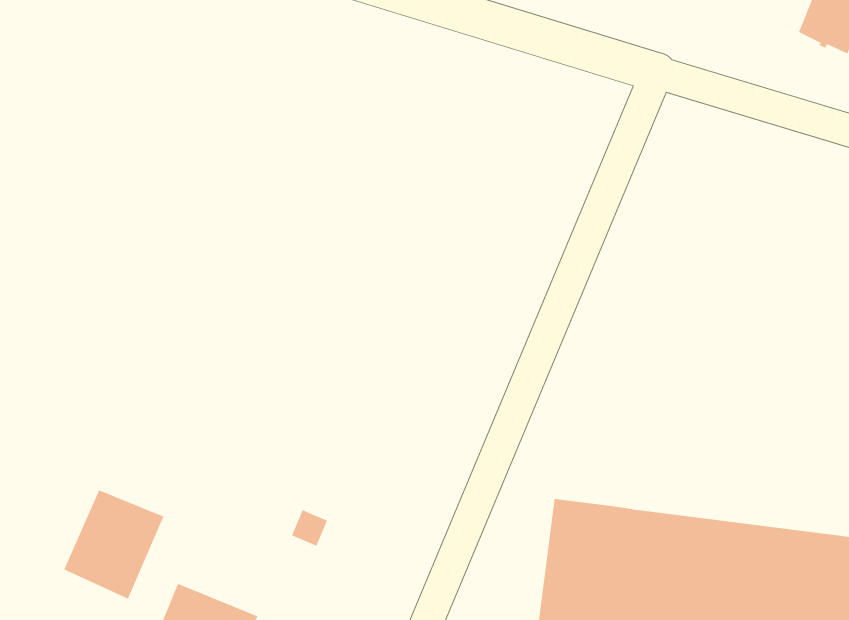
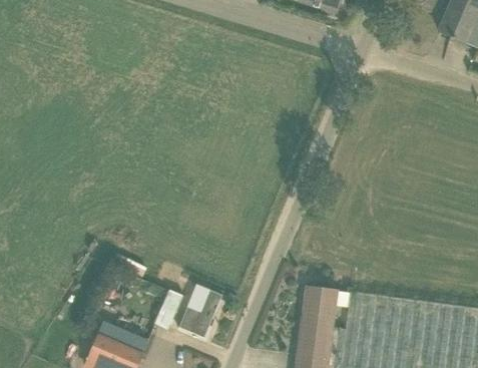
building: [64,489,164,600] -> none
building: none -> [178,288,222,338]

